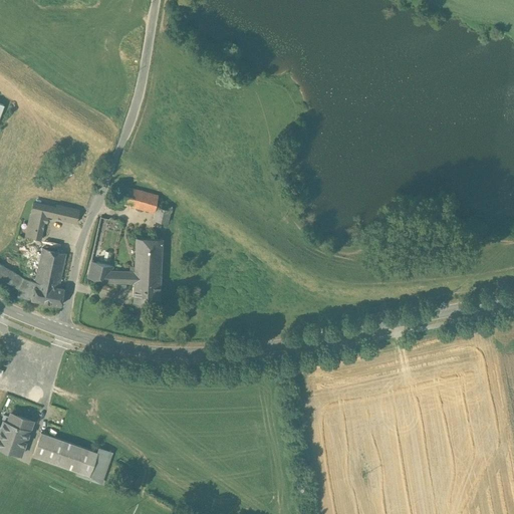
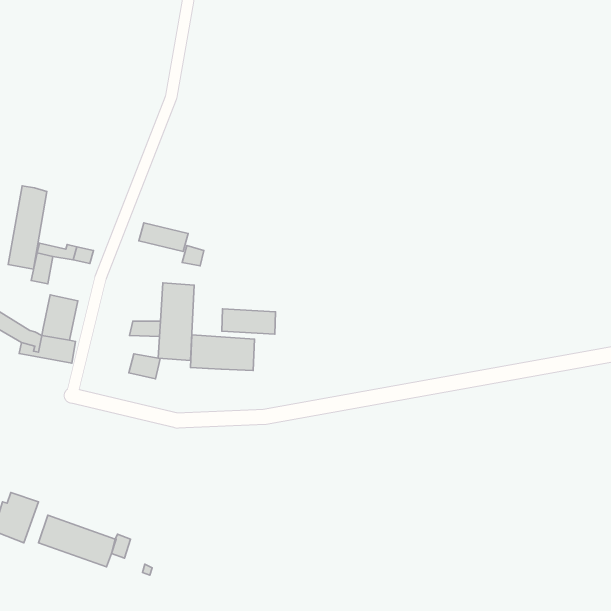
building: none -> [8,186,47,269]
building: none -> [222,309,276,334]
building: [86,261,112,282] -> [129,354,160,379]
building: none -> [190,335,254,371]

